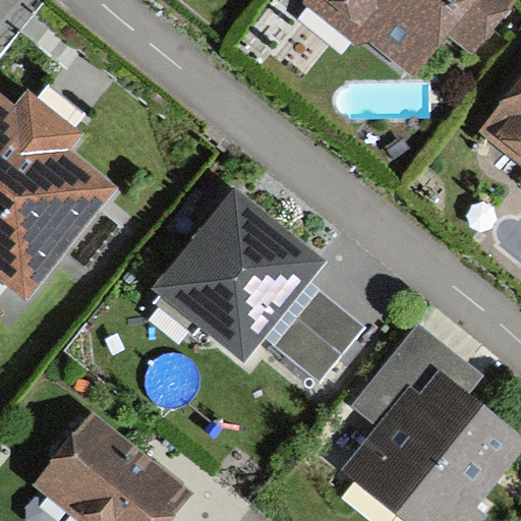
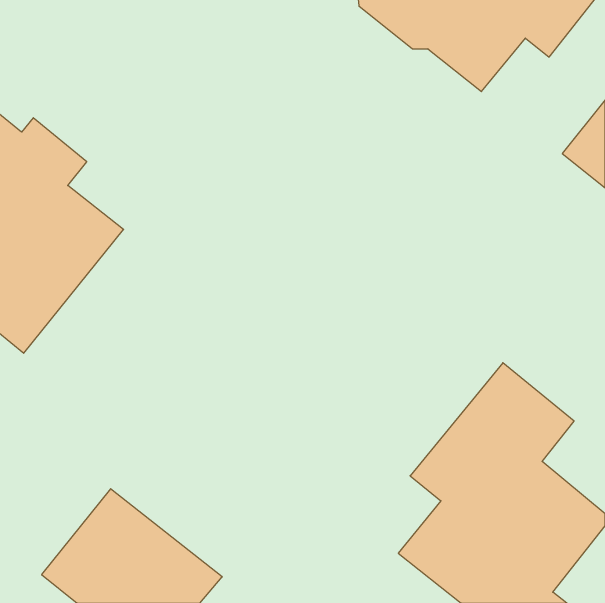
building: [154,191,363,384] -> none

